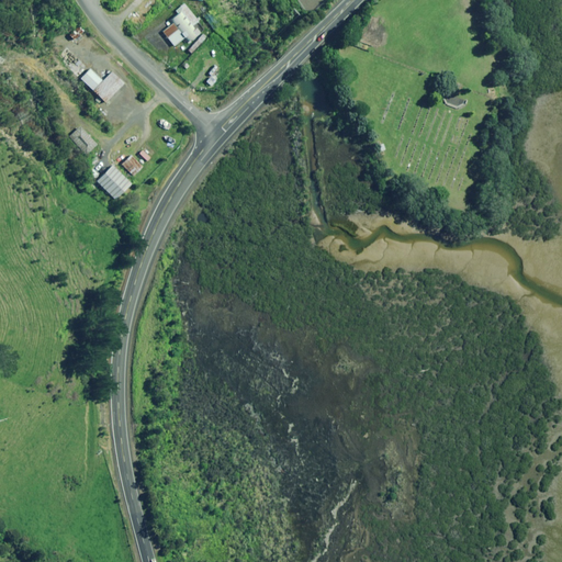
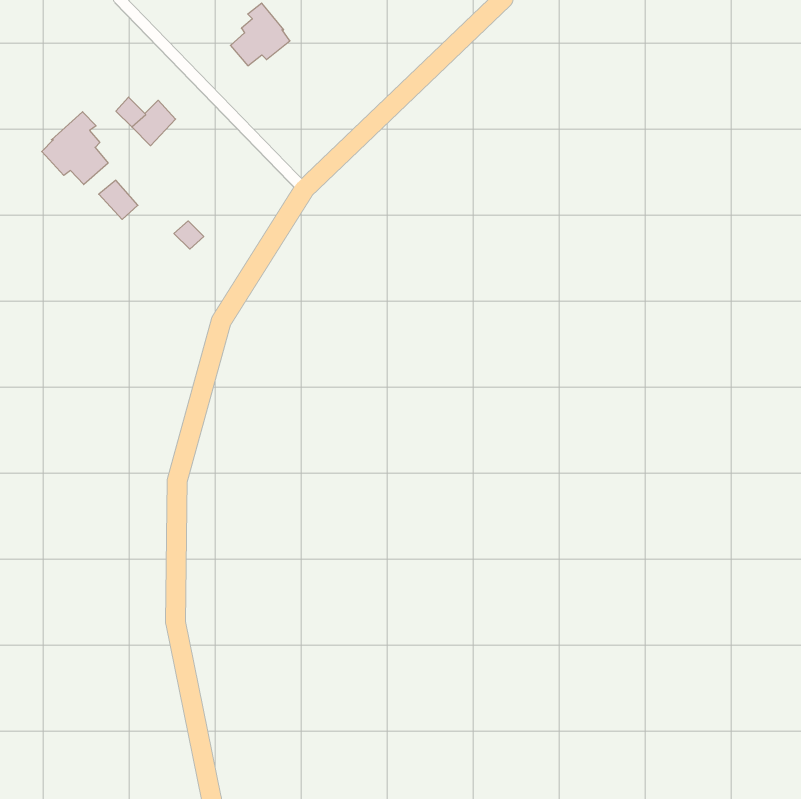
building: none -> [42,112,108,185]
building: [97,165,131,199] -> none

